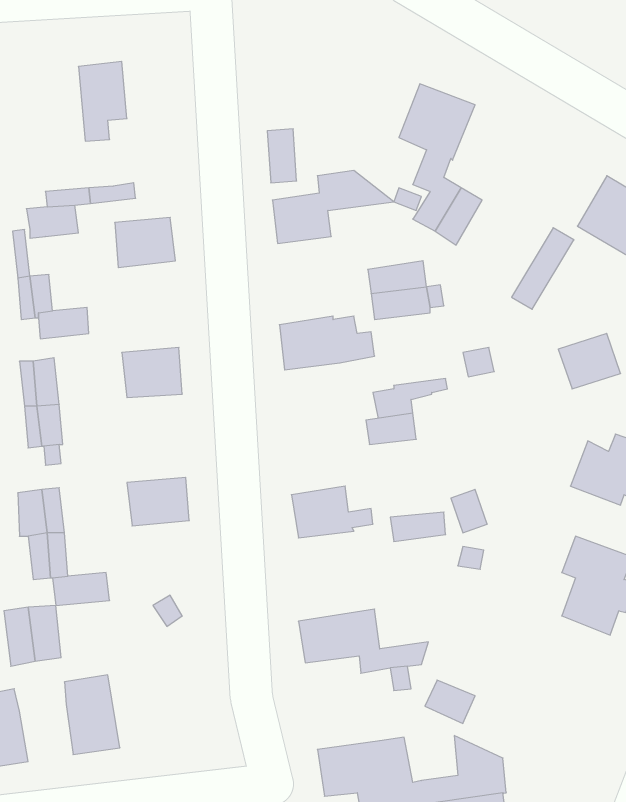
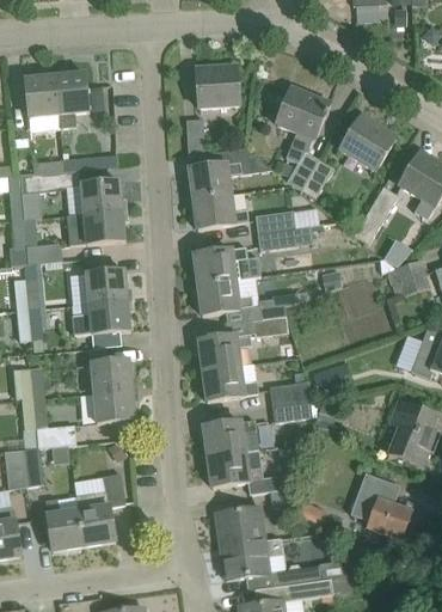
building: none -> [196,65,239,108]
building: none -> [24,75,59,128]
building: none -> [339,115,395,170]
building: none -> [192,192,248,228]
building: none -> [67,209,124,244]
building: none -> [197,280,253,314]
building: none -> [73,301,130,336]
building: none -> [198,333,251,371]
building: none -> [92,388,135,423]
building: none -> [272,398,311,422]
building: none -> [203,420,259,458]
building: none -> [350,472,411,539]
building: none -> [75,473,124,545]
building: none -> [215,506,263,546]

